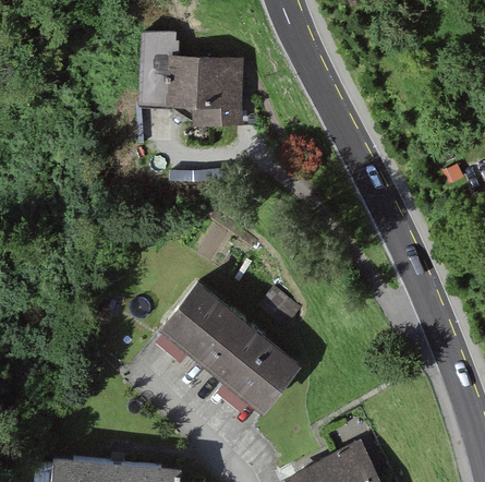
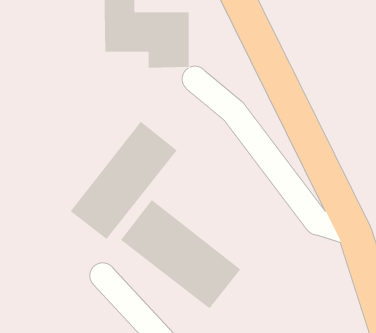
building: none -> [70,121,177,240]

